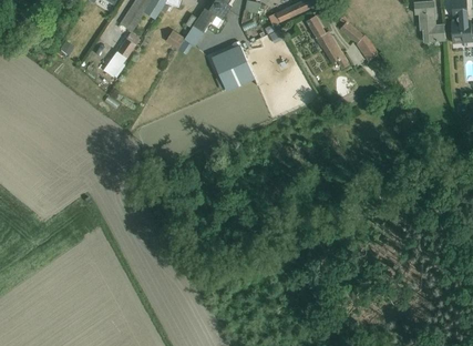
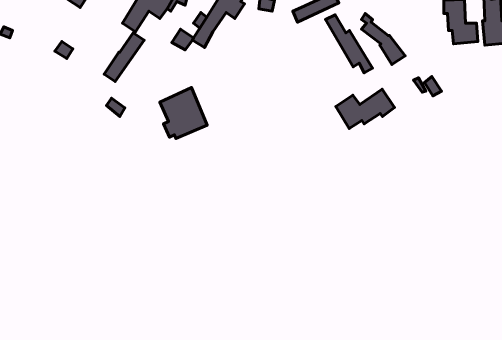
building: [212,43,255,90] -> [160,88,207,138]
building: none -> [336,89,394,128]

